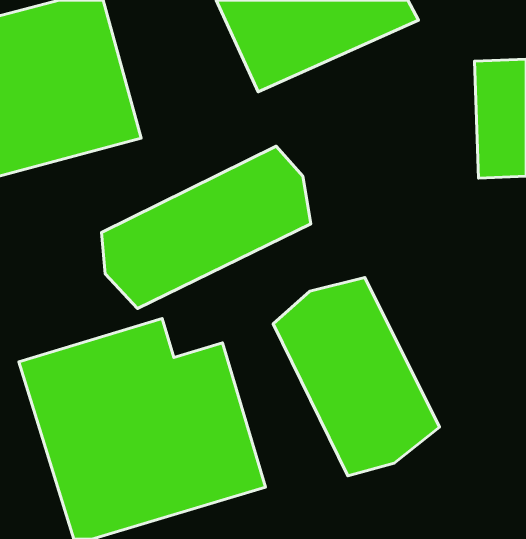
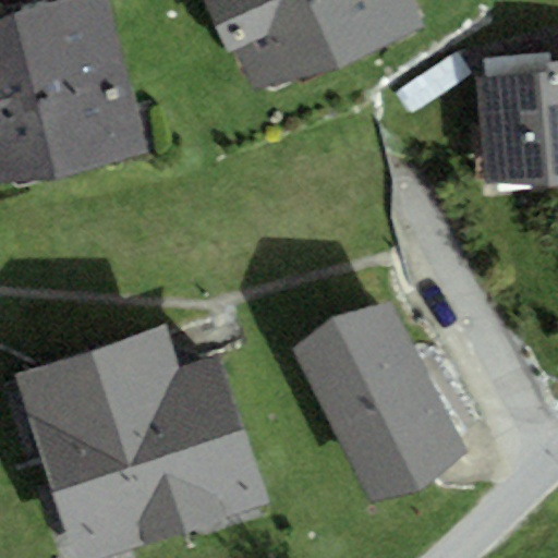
building: [102,146,311,308] -> none

